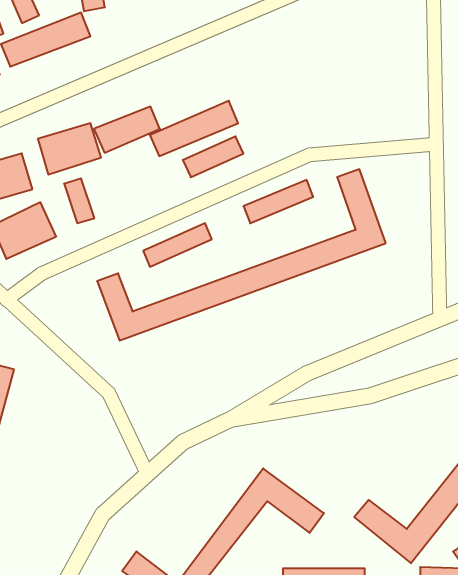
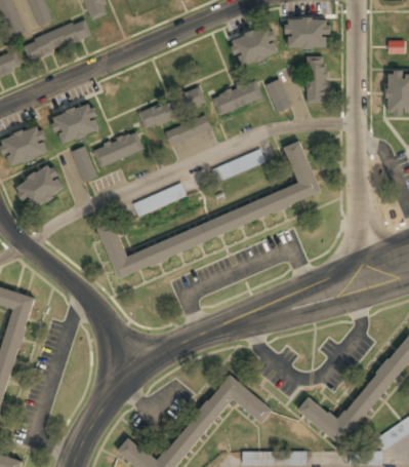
building: none -> [286,17,328,48]
building: none -> [231,26,279,67]
building: none -> [306,55,327,103]
building: none -> [265,78,291,111]
building: none -> [212,79,263,114]
building: [94,107,160,153] -> [92,131,144,167]

